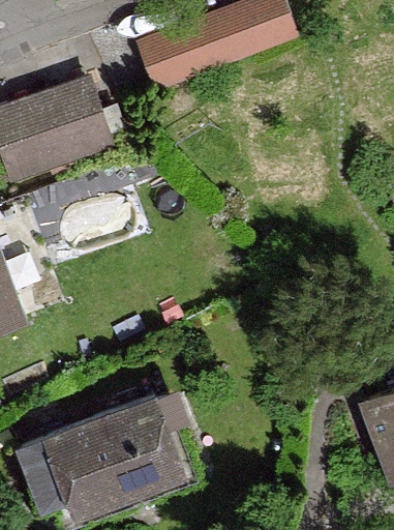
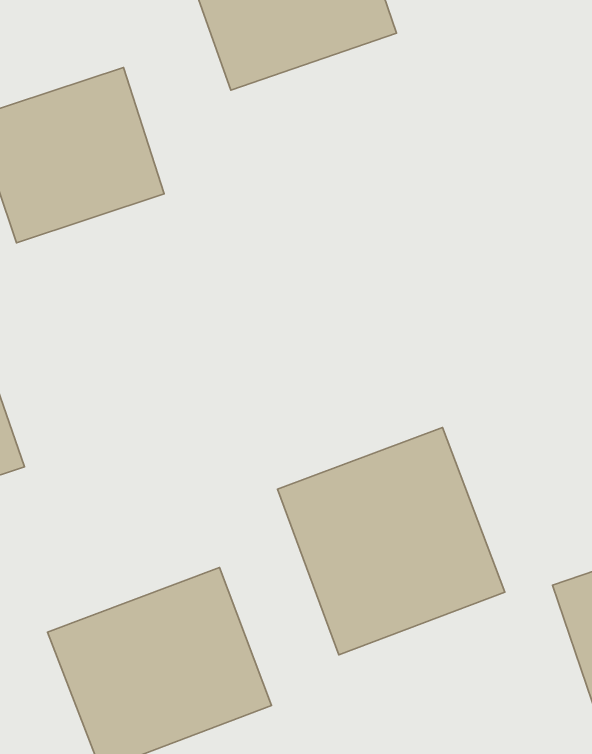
building: none -> [278,427,505,655]

